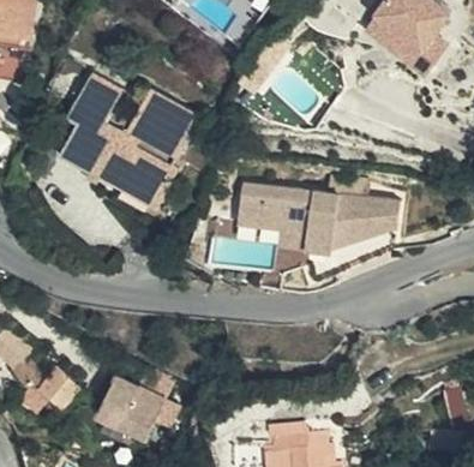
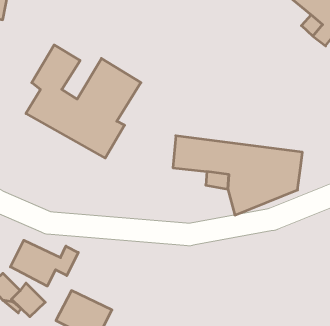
building: none -> [10,240,78,286]

